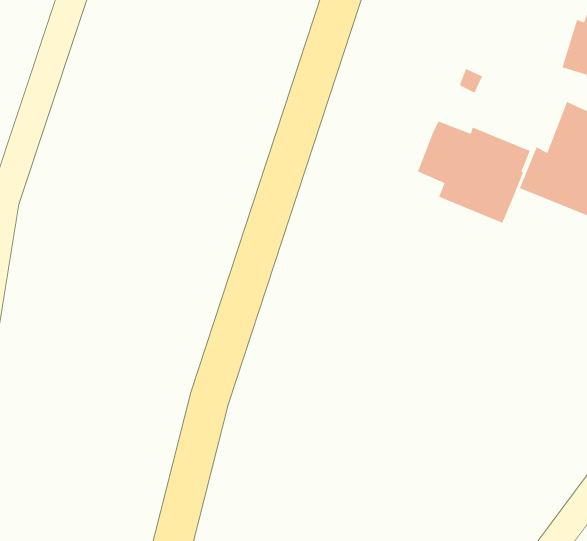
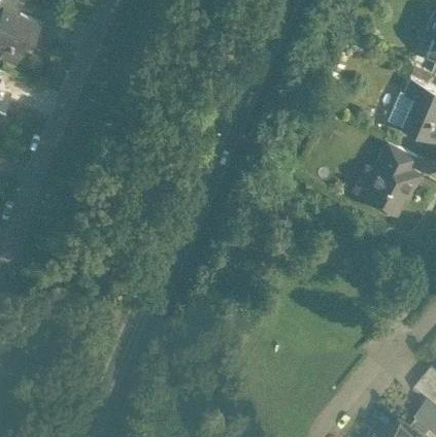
building: [417,120,531,224] -> none

